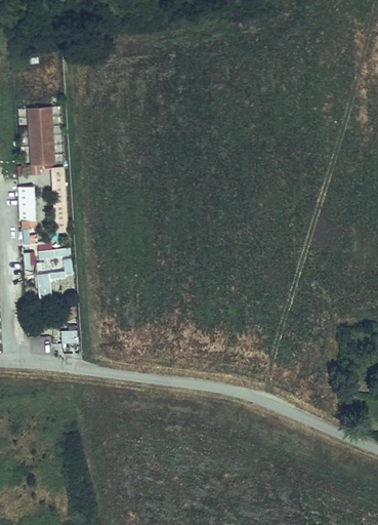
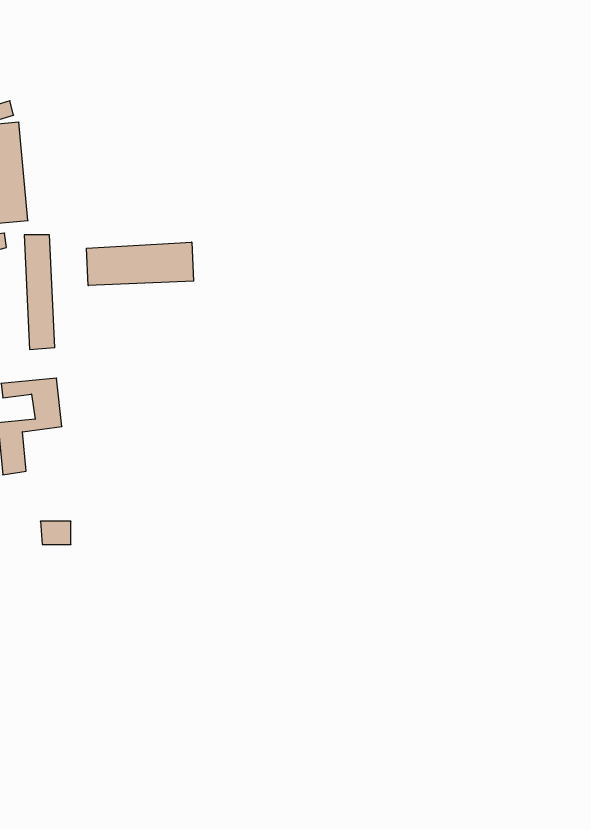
building: none -> [87,242,194,286]

